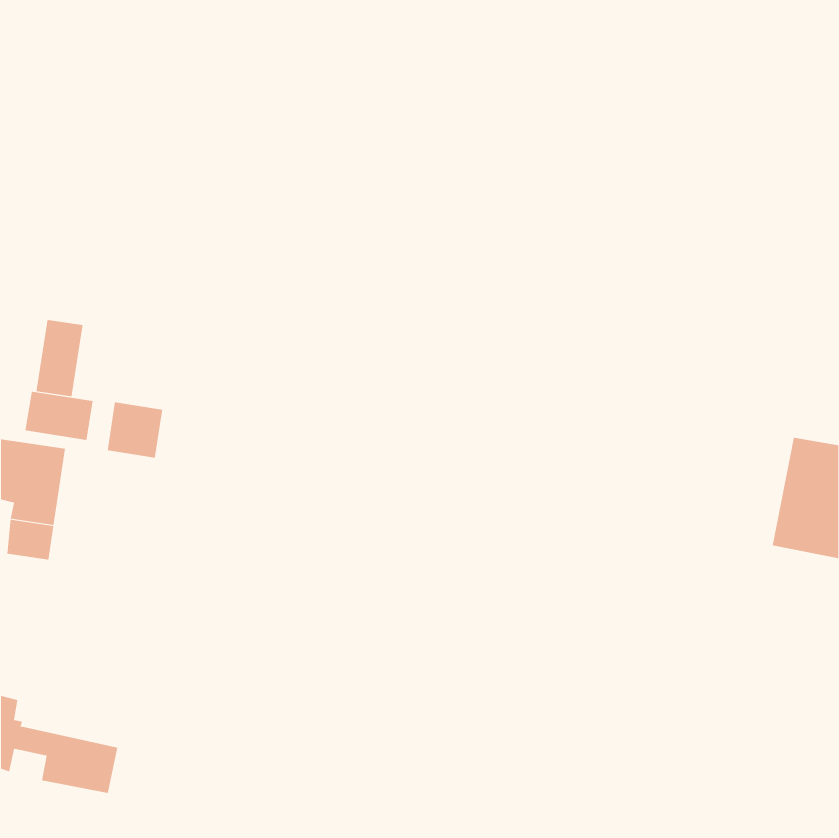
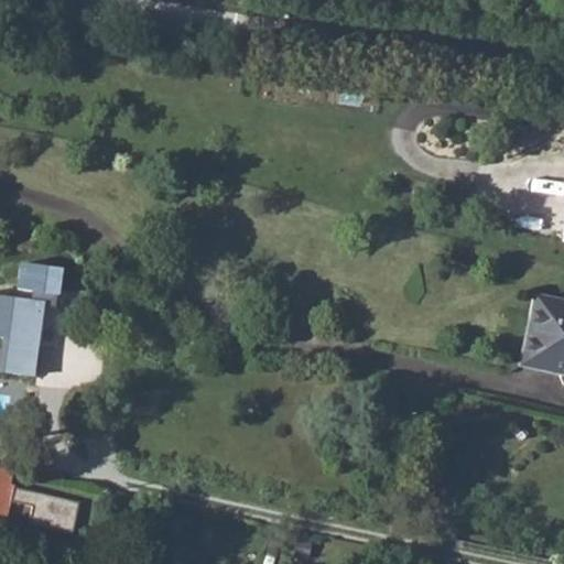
building: [36,319,83,397] -> none
building: [107,401,163,458] -> none

